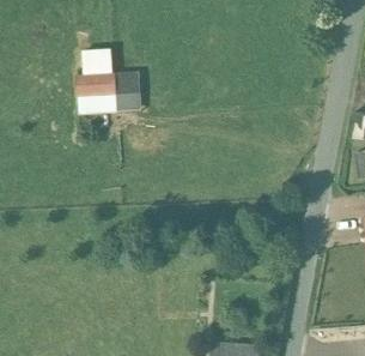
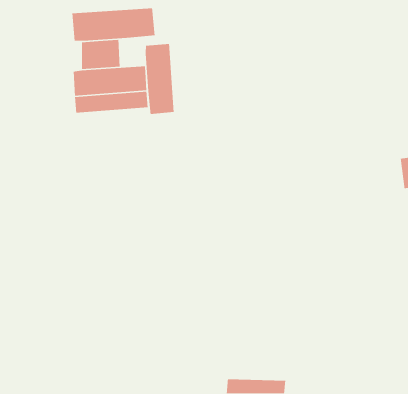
building: none -> [71,7,155,41]
building: none -> [145,43,174,115]

